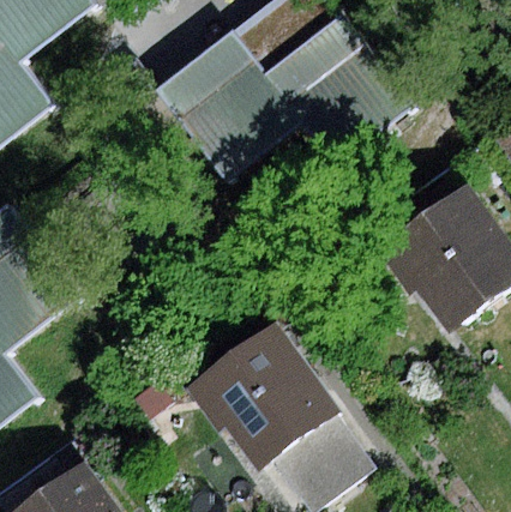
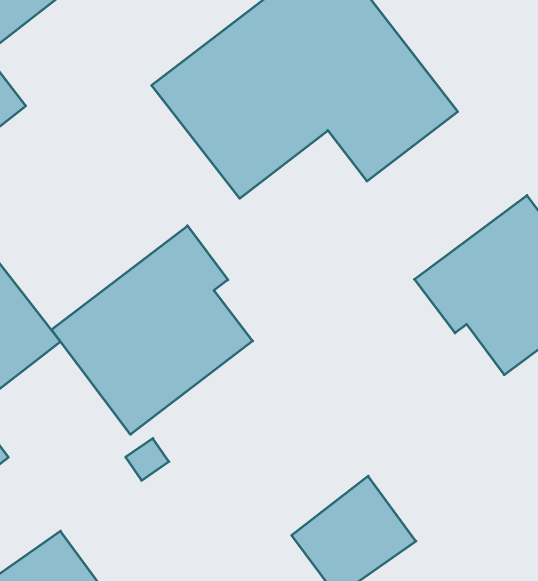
building: none -> [52,226,253,434]
building: [188,323,339,475] -> none

